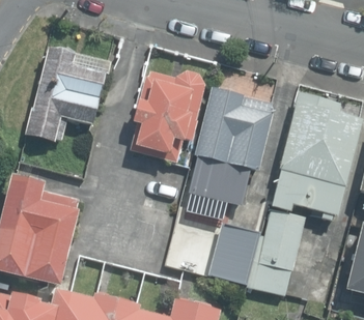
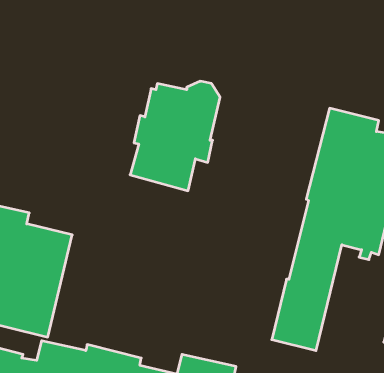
building: [26,47,110,142] -> none
building: [190,86,274,208] -> none
building: [208,223,260,283] -> none

